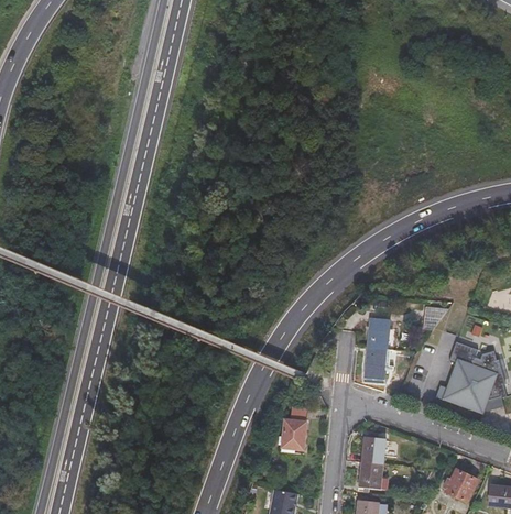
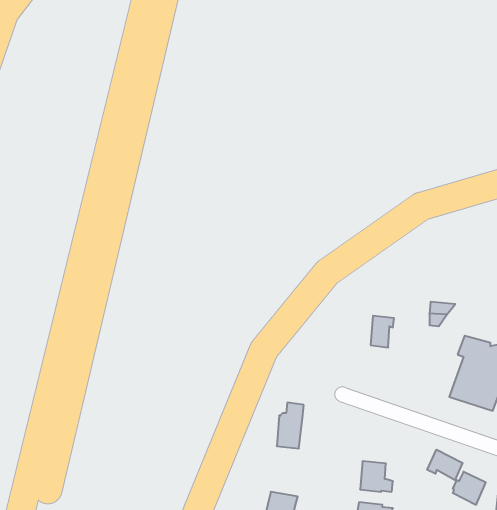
building: [365,351,385,387] -> none
building: [360,434,384,462] -> none
building: none -> [427,450,463,480]

